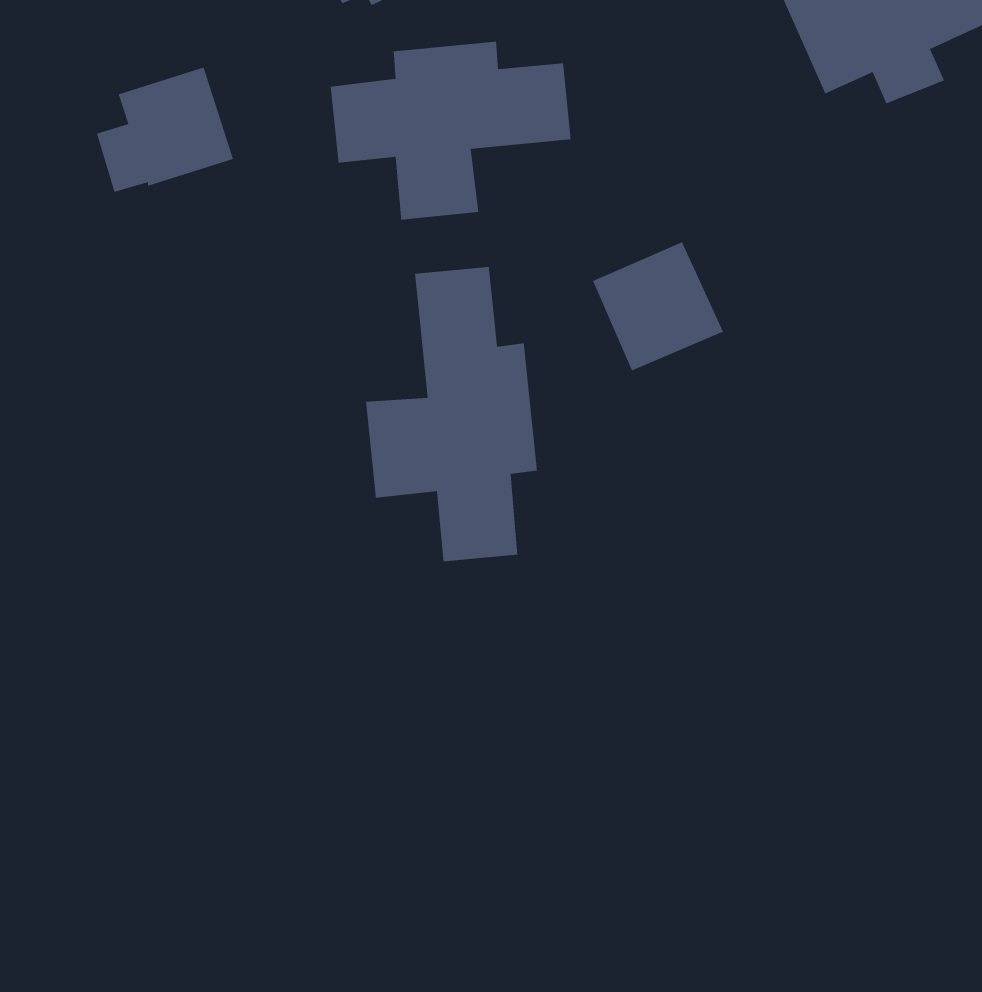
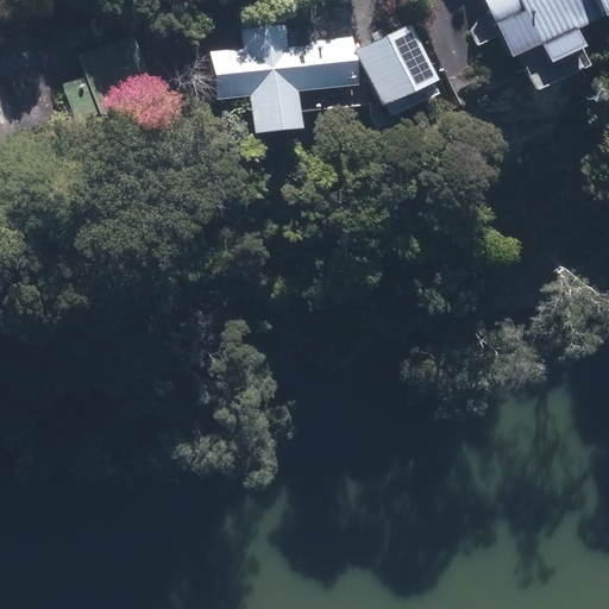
building: [592,242,724,371] -> [357,30,437,108]
building: [366,266,538,562] -> none

